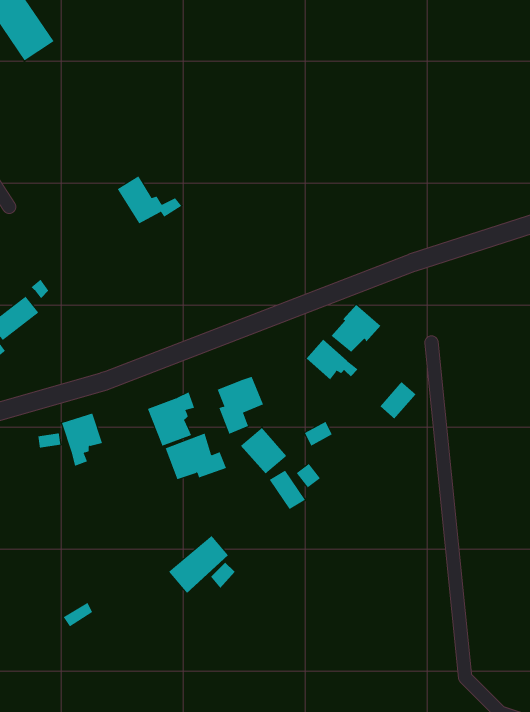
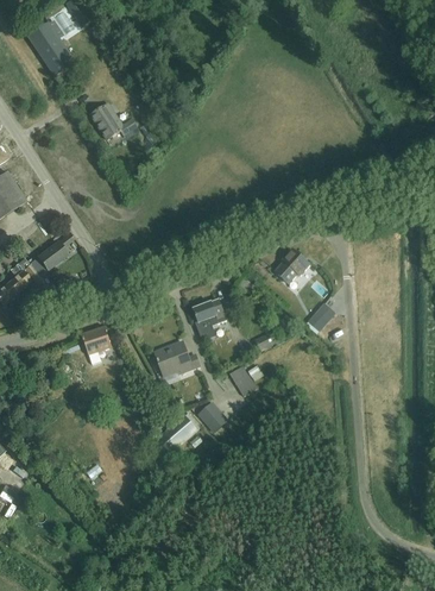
building: [117,176,182,224] -> [92,105,138,139]
building: [306,339,359,380] -> none
building: [147,391,195,447] -> none
building: [240,427,287,474] -> [198,398,232,432]

